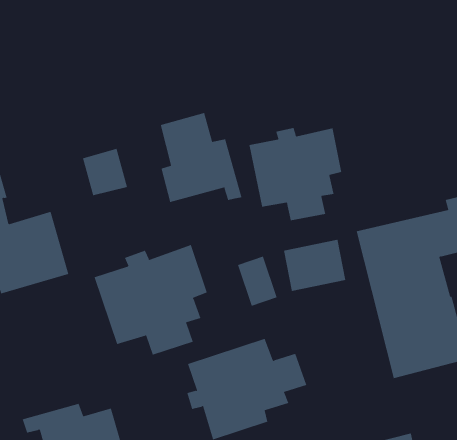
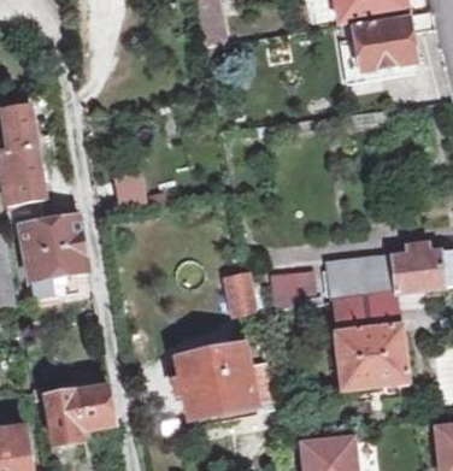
building: [160,112,242,203] -> none
building: [249,127,342,221] -> none
building: [94,244,207,355] -> none

